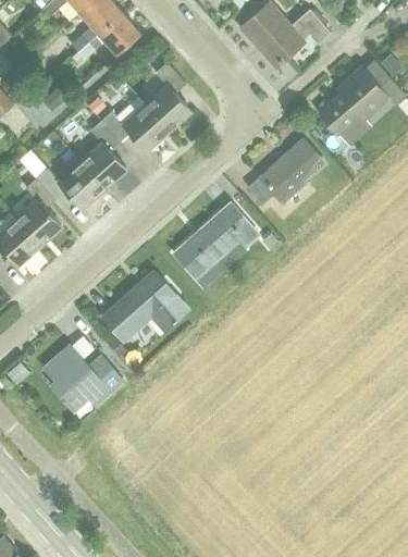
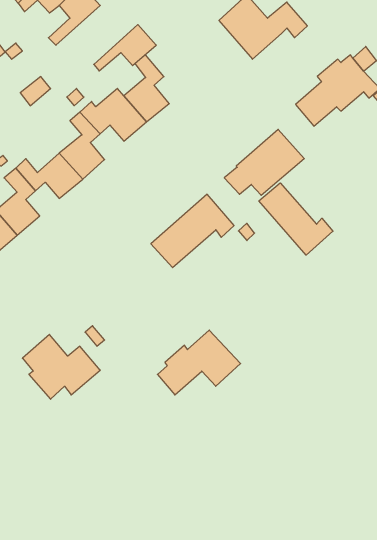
building: [77,13,140,60] -> [94,25,156,71]
building: none -> [259,183,333,255]
building: [104,275,188,341] -> [157,330,241,395]

